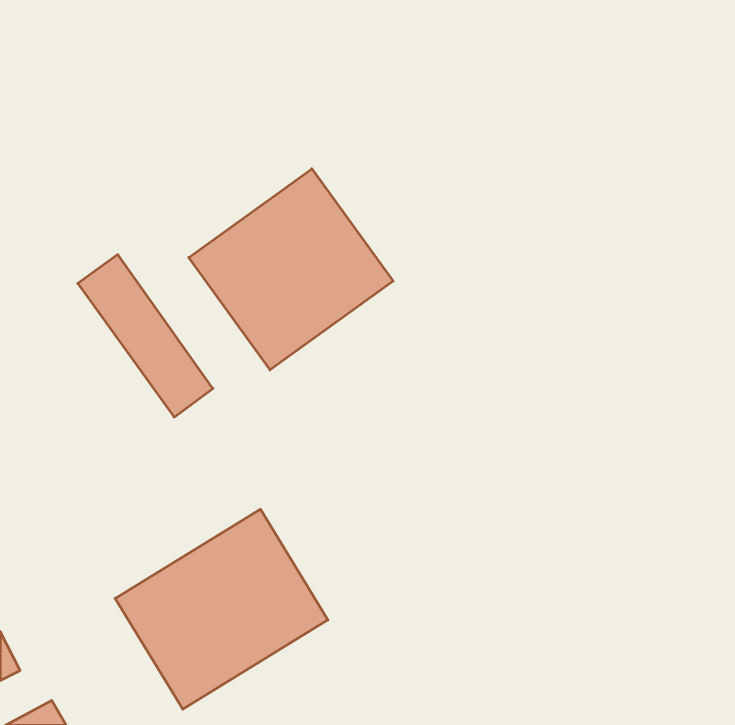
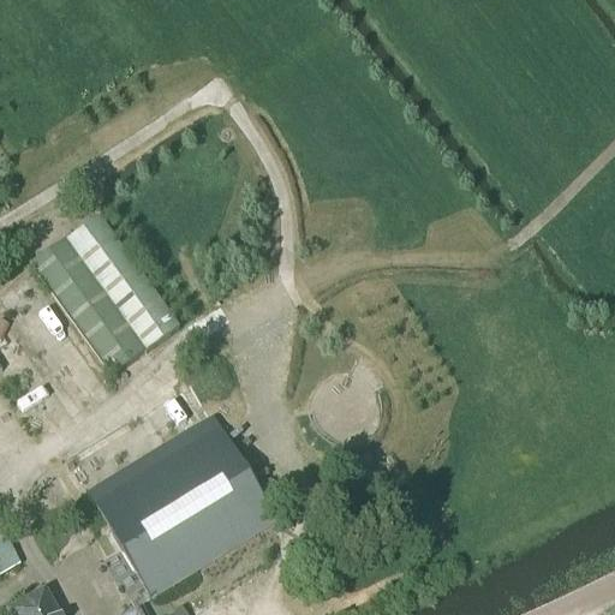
building: [189,169,393,370] -> none
building: none -> [31,237,145,372]

